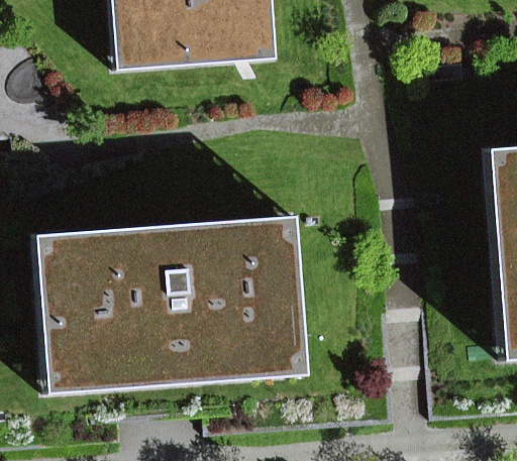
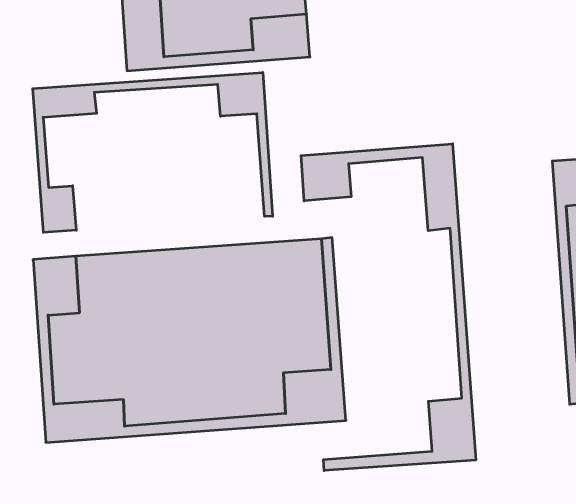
building: none -> [33,72,273,232]
building: none -> [301,144,476,471]

